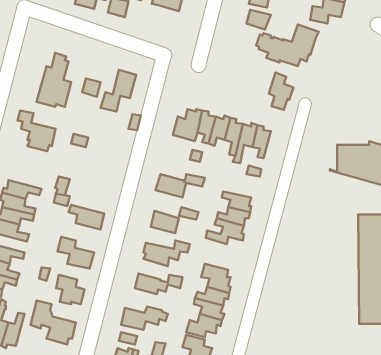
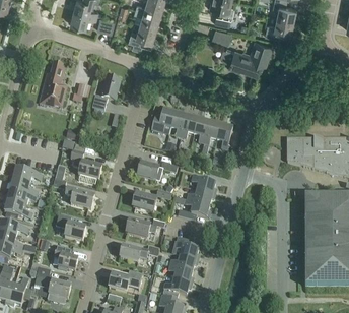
building: none -> [128,21,156,49]
building: [269,72,294,110] -> none
building: [18,111,56,151] -> [70,149,101,183]

